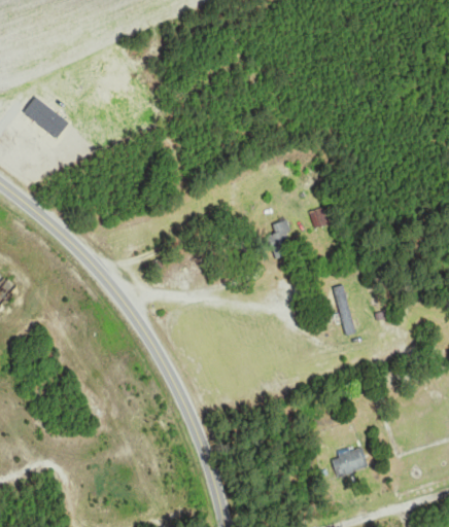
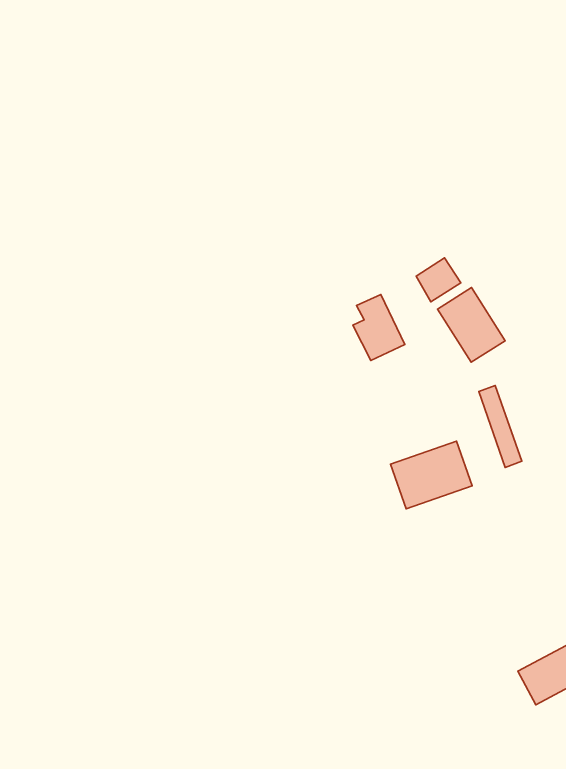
building: none -> [438,288,505,362]
building: none -> [390,441,472,509]

